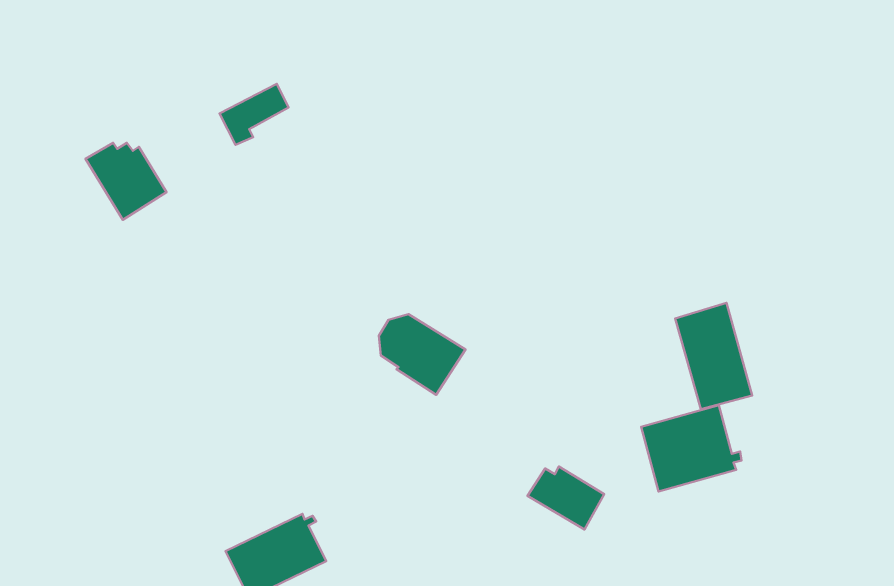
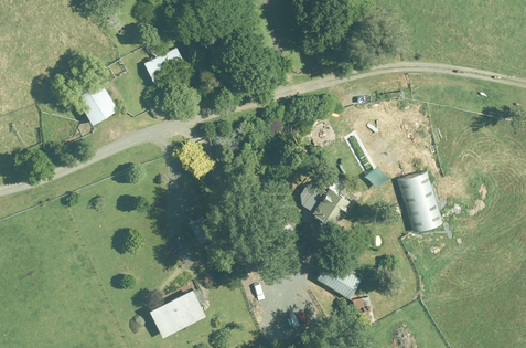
building: [379,314,466,395] -> [300,182,348,228]
building: [641,405,742,491] -> none

